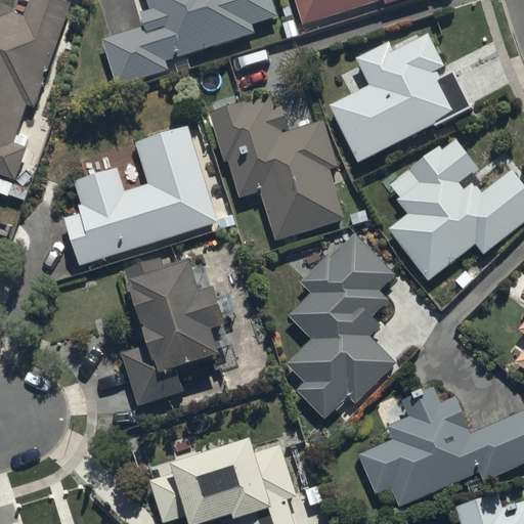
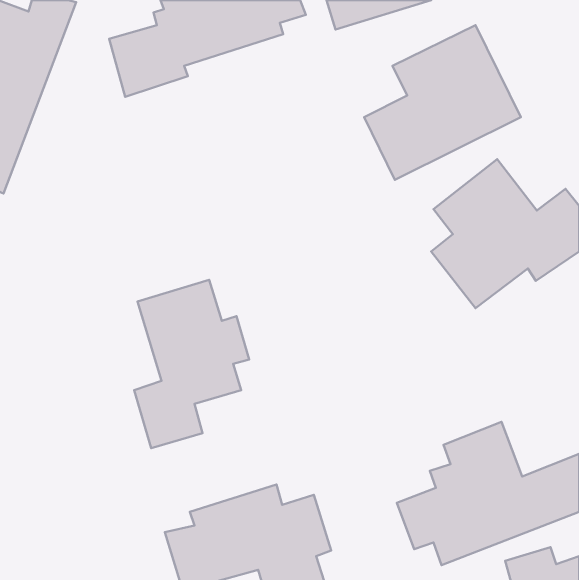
building: [211,88,345,241] -> none
building: [61,125,219,265] -> none
building: [286,233,397,421] -> none

